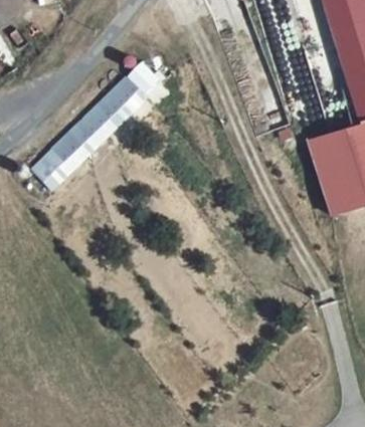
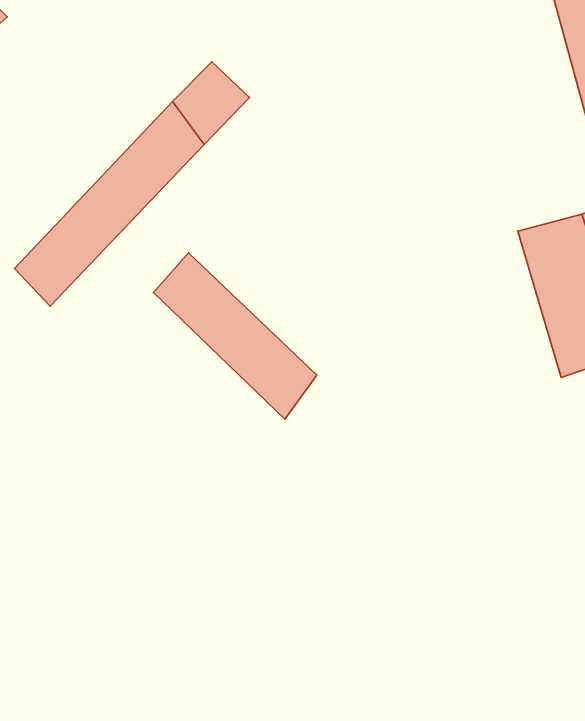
building: none -> [153,253,317,419]

